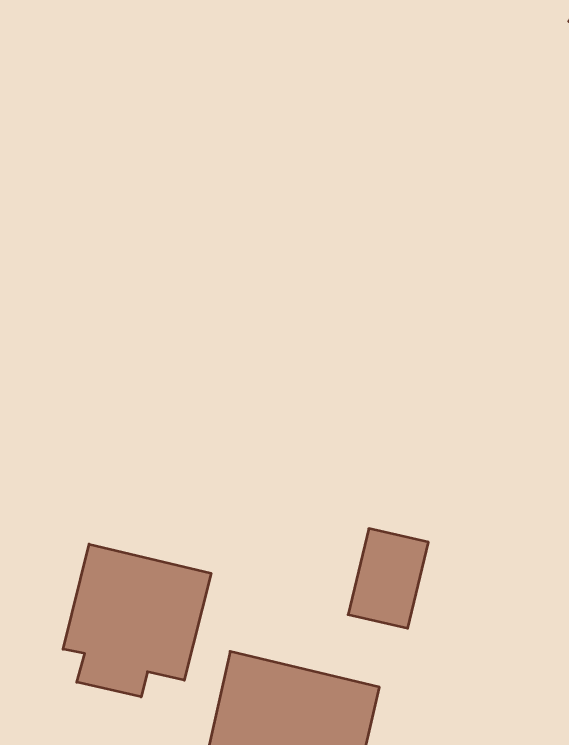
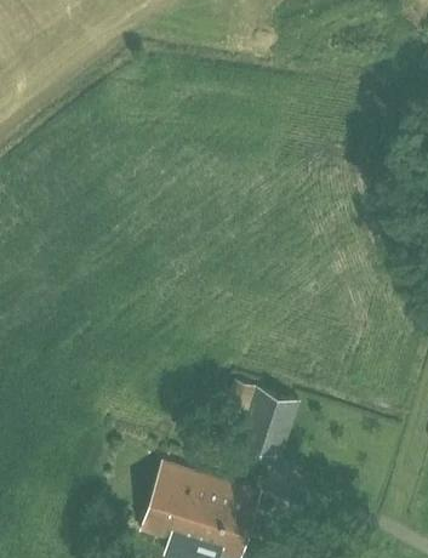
building: [63,544,211,697] -> none

